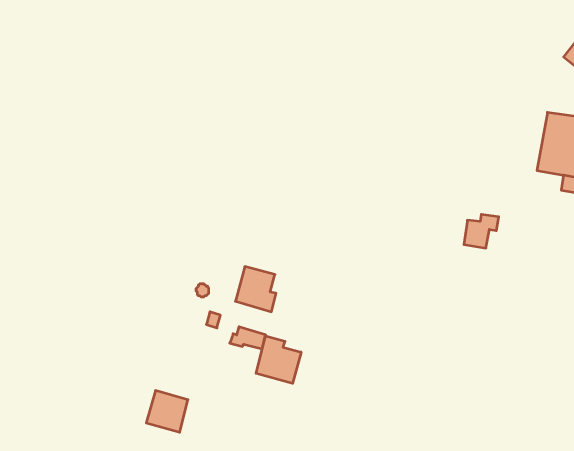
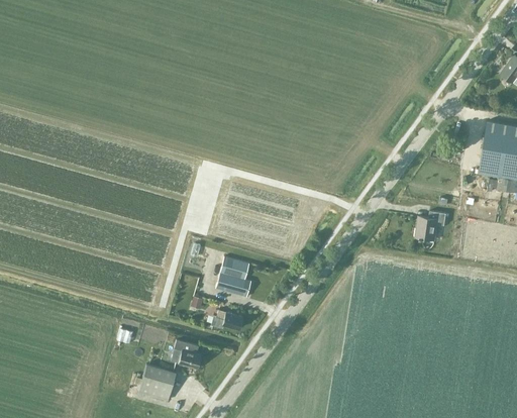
building: [256,336,301,383] -> none
building: none -> [173,339,200,369]

